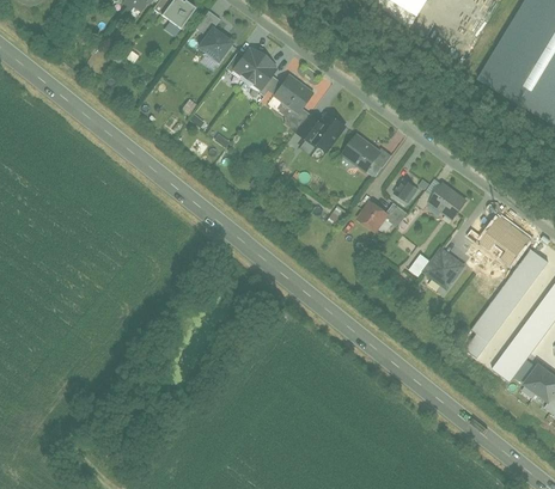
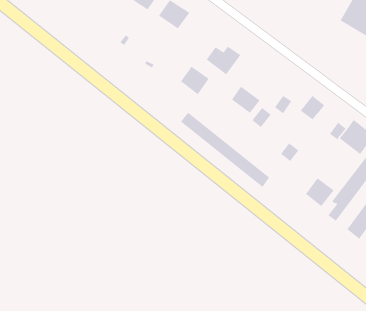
building: [268,73,309,114] -> [180,66,209,95]
building: [336,132,377,170] -> [231,86,261,113]
building: none -> [180,112,270,188]
building: [423,249,464,289] -> [305,177,334,207]

